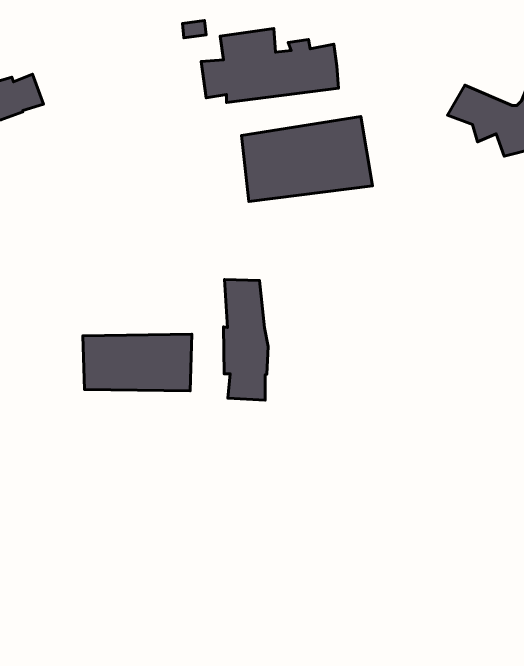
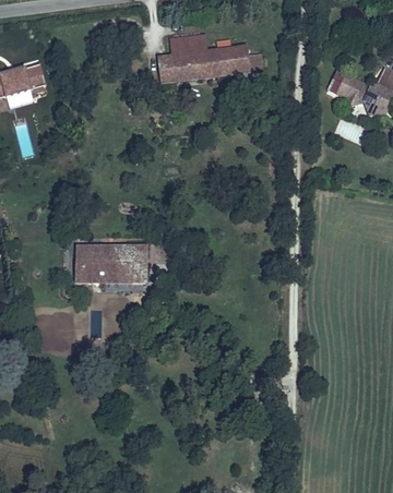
building: [241,117,372,201] -> none
building: [224,280,268,400] -> none

